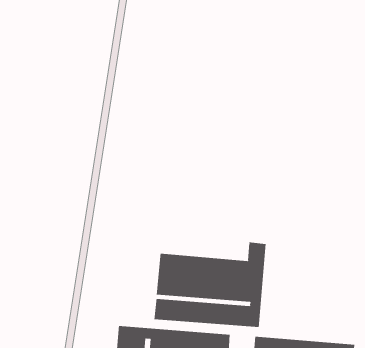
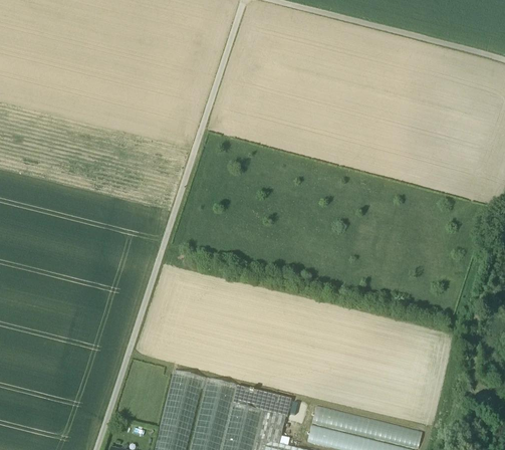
building: [154,242,266,328] -> none

